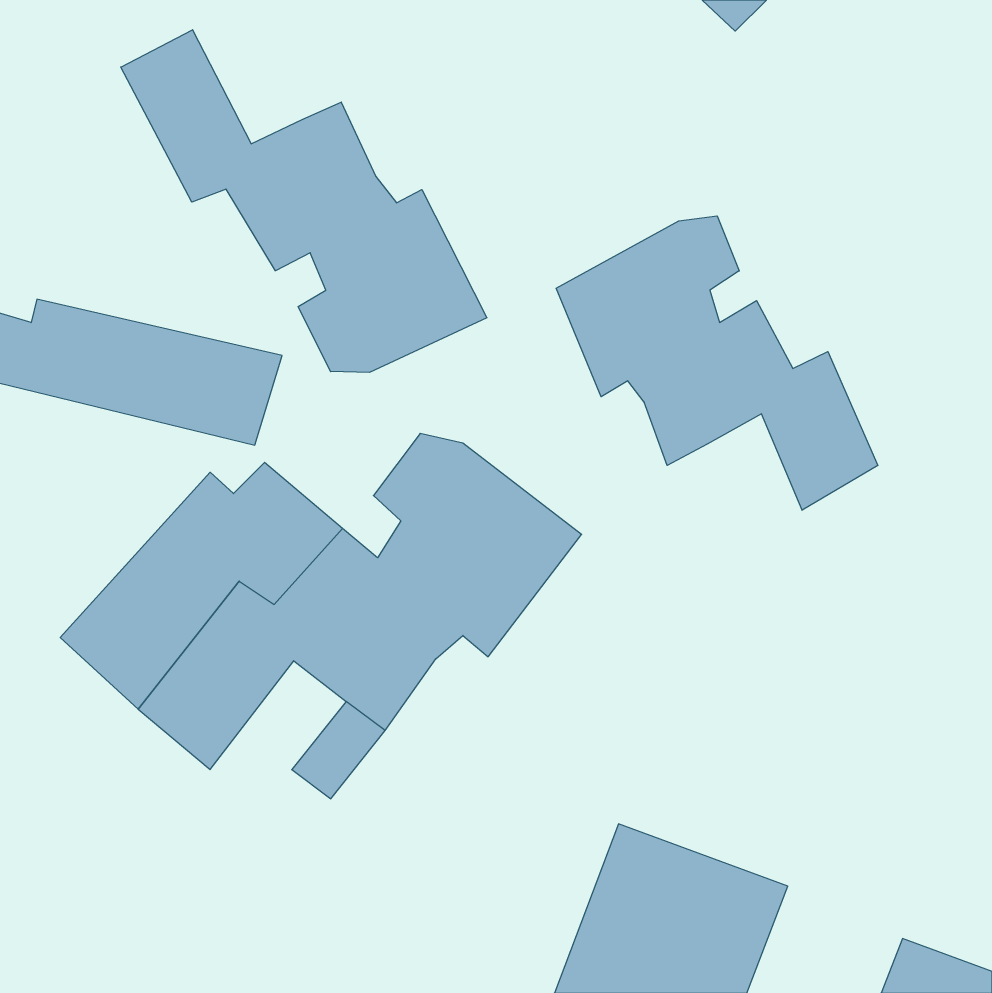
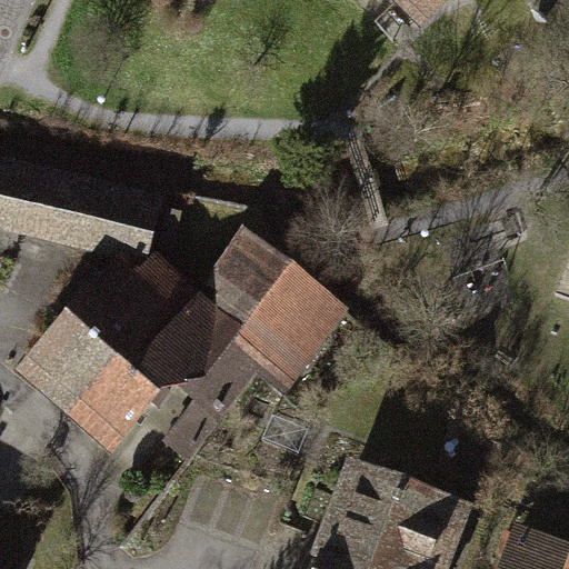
building: [121,30,487,372] -> none
building: [556,216,878,510] -> none

